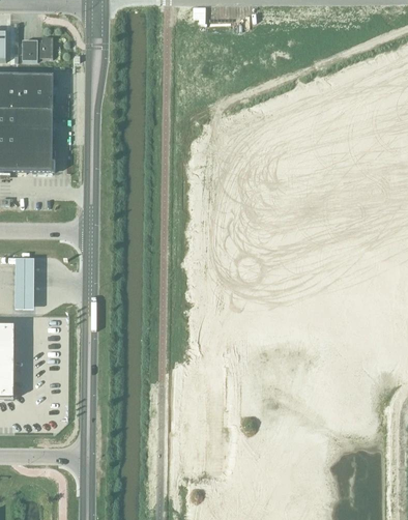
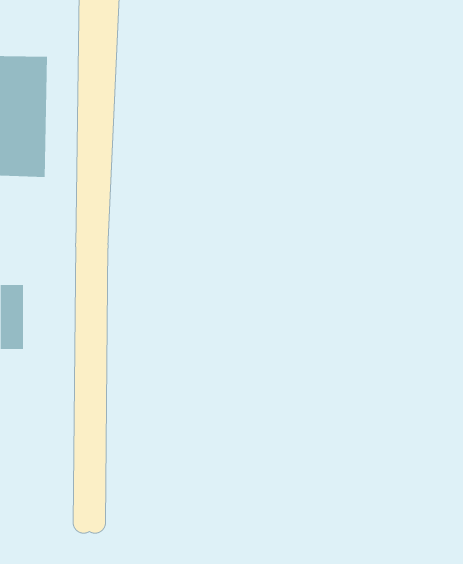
building: [22,36,53,59] -> none

